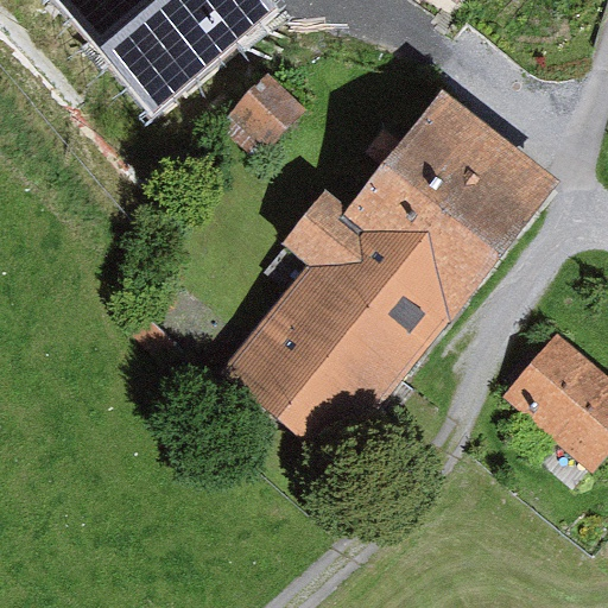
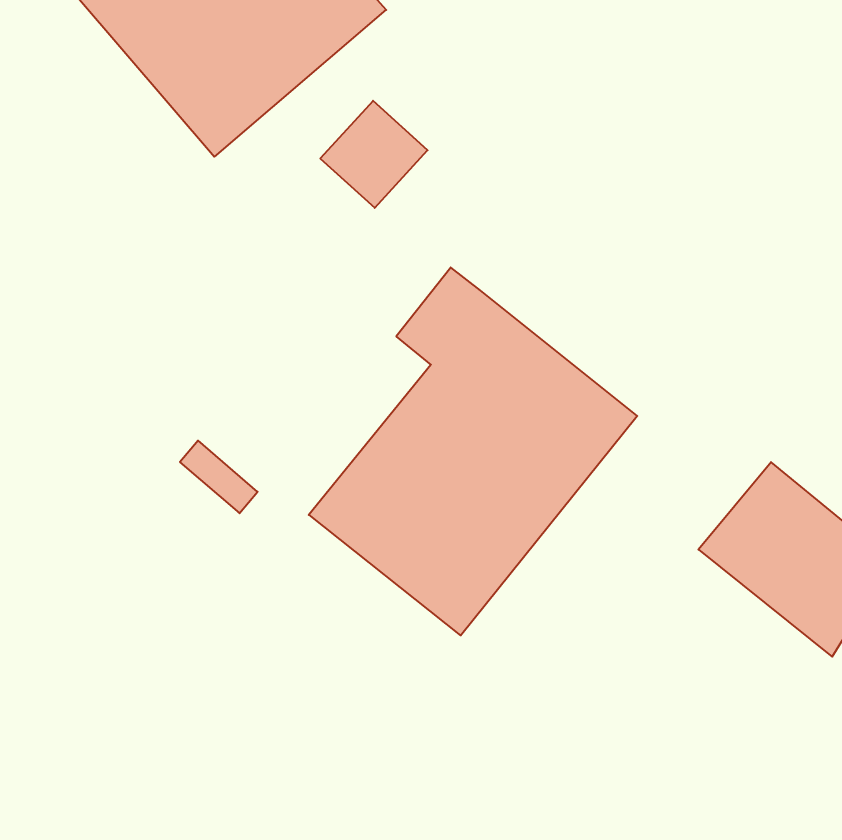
building: [347,96,553,299] -> none

